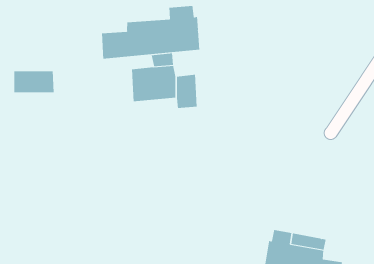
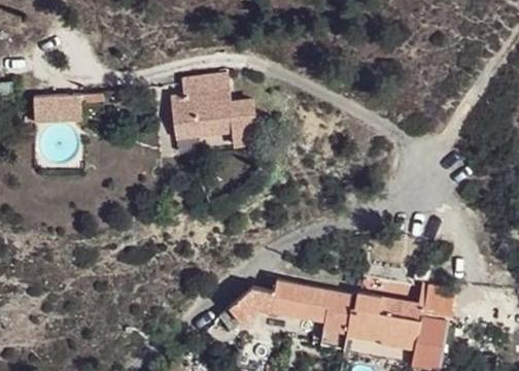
building: [102,5,200,59] -> none
building: none -> [227,281,351,325]
building: none -> [416,284,451,319]

